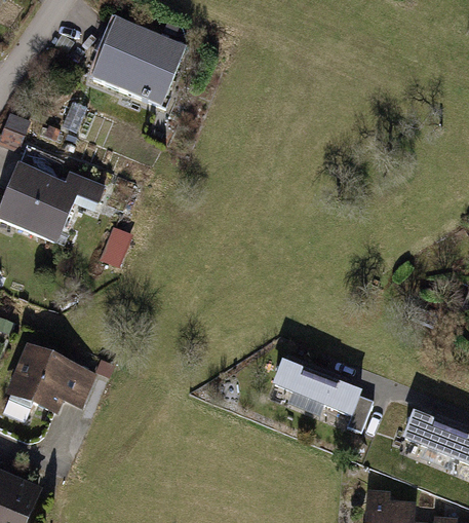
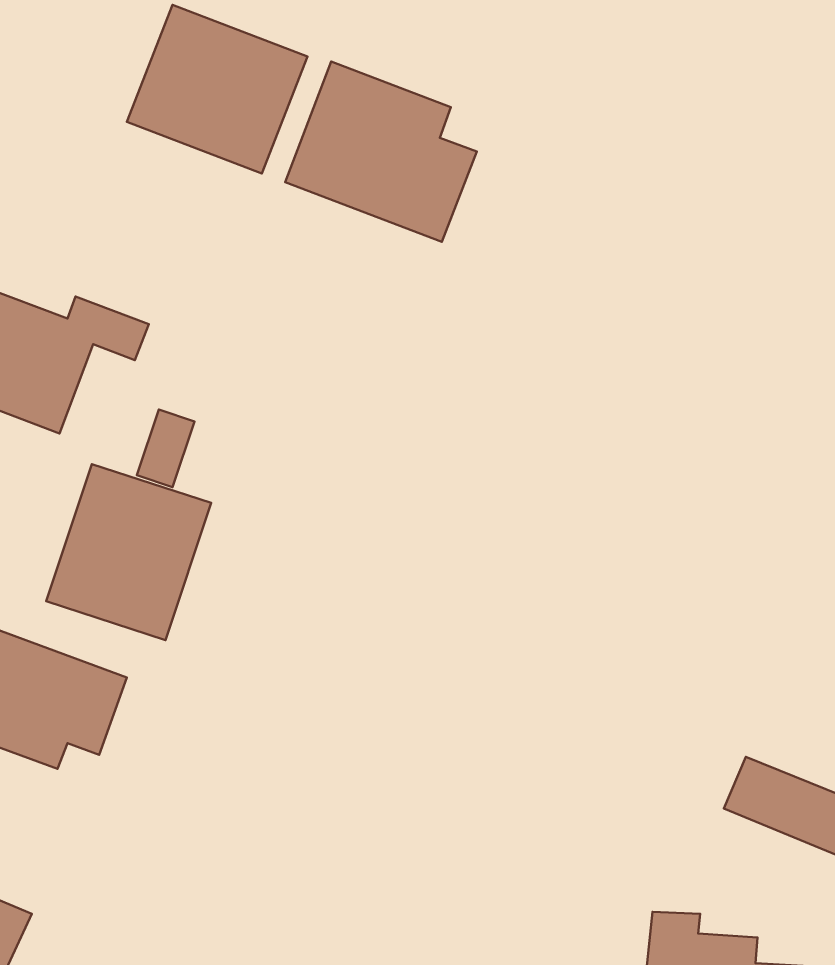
building: none -> [285,62,477,242]
building: none -> [46,464,211,640]
building: [273,358,364,415] -> none

